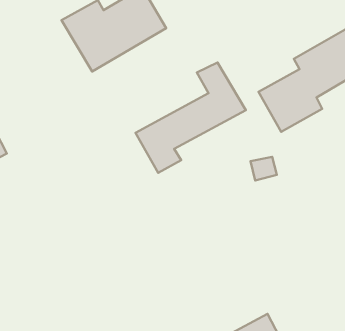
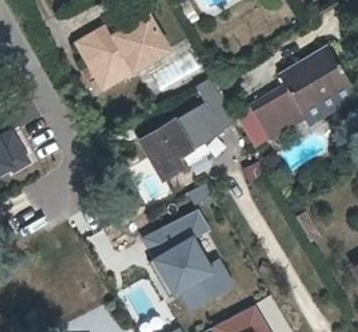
building: none -> [144,208,236,310]

